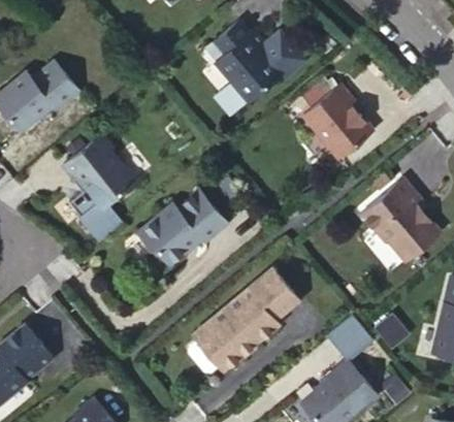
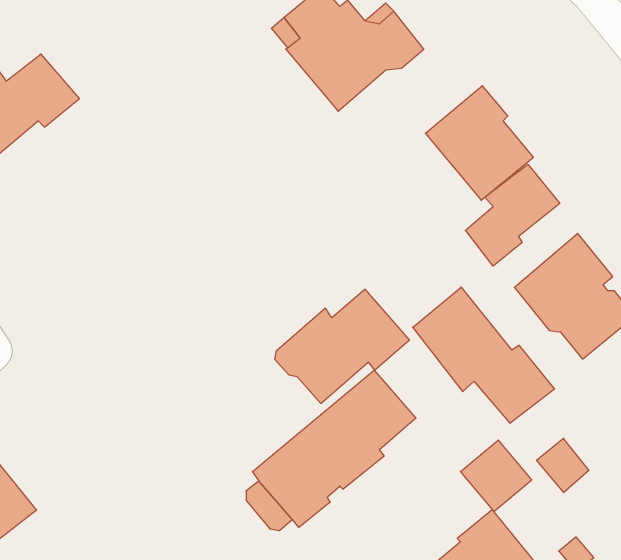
building: none -> [465,164,560,266]
building: [62,136,133,237] -> none
building: [139,190,227,264] -> [275,289,410,403]
building: none -> [413,287,555,423]

